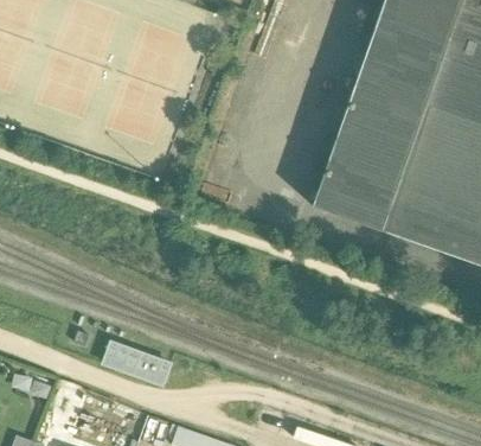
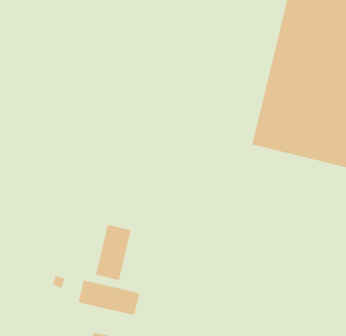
building: none -> [96,224,131,281]

